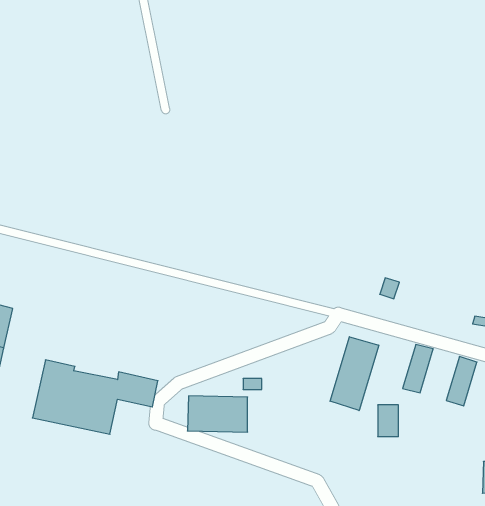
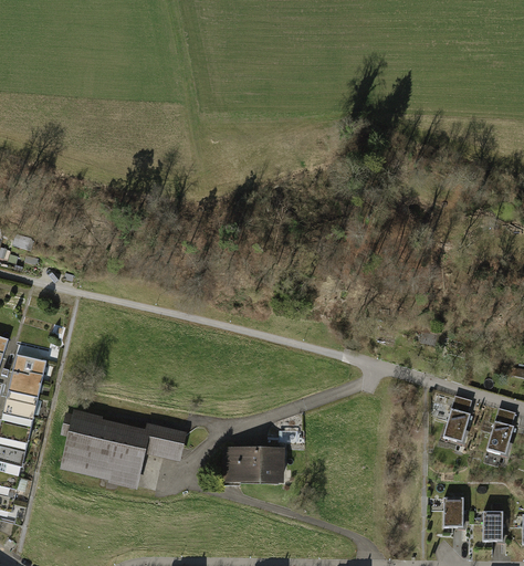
building: [330,337,379,411] -> none
building: [378,405,398,437] -> [441,497,462,530]
building: none -> [481,511,502,543]

